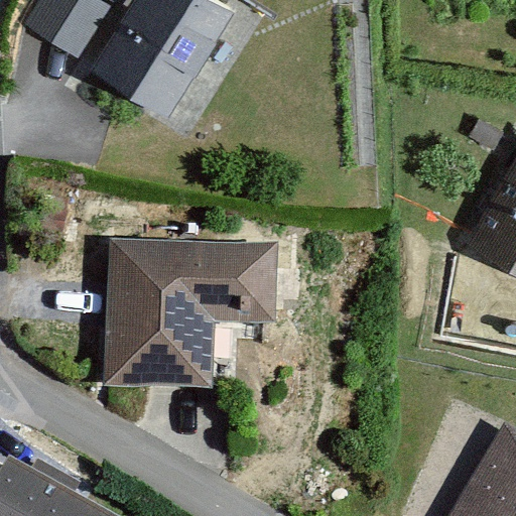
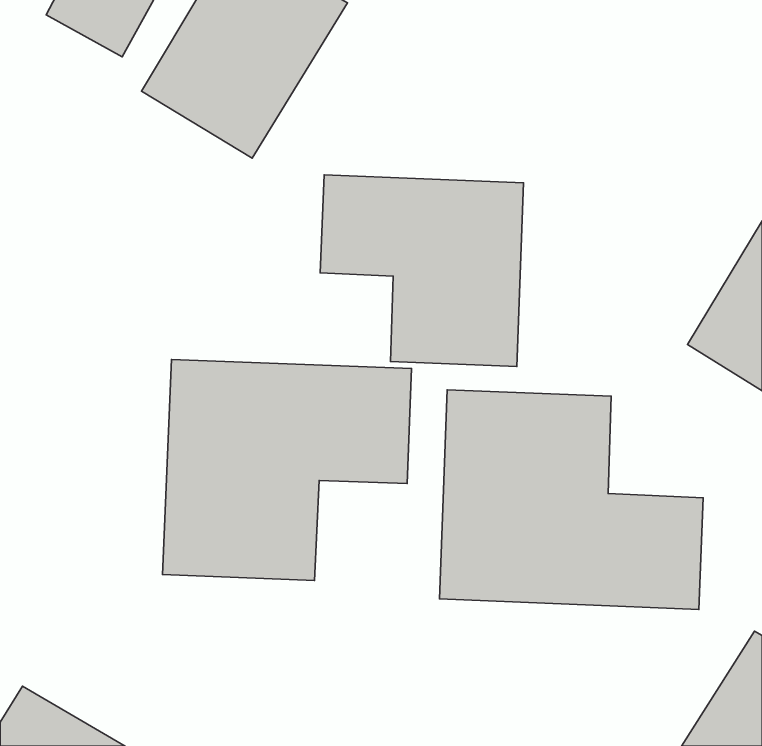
building: none -> [320,175,523,367]
building: none -> [439,390,703,609]

